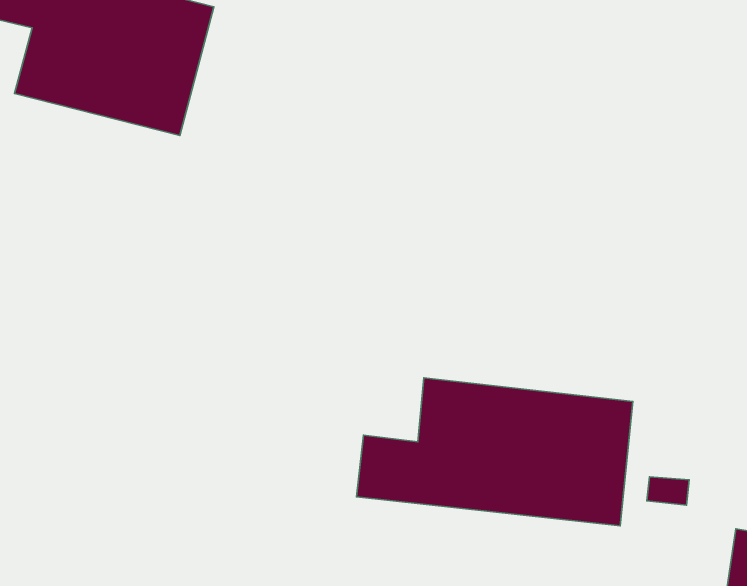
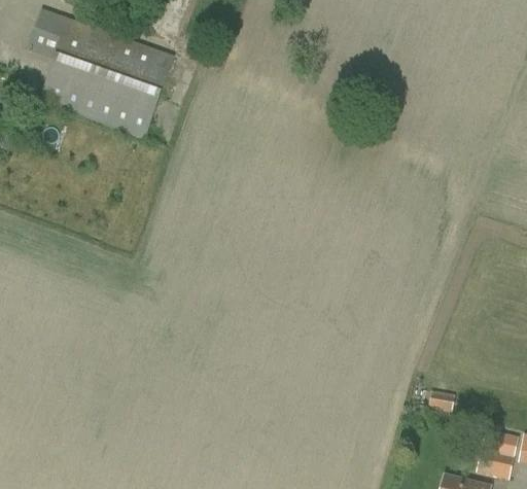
building: [356,378,633,526] -> none

